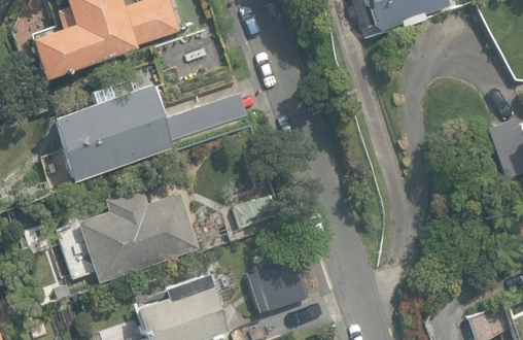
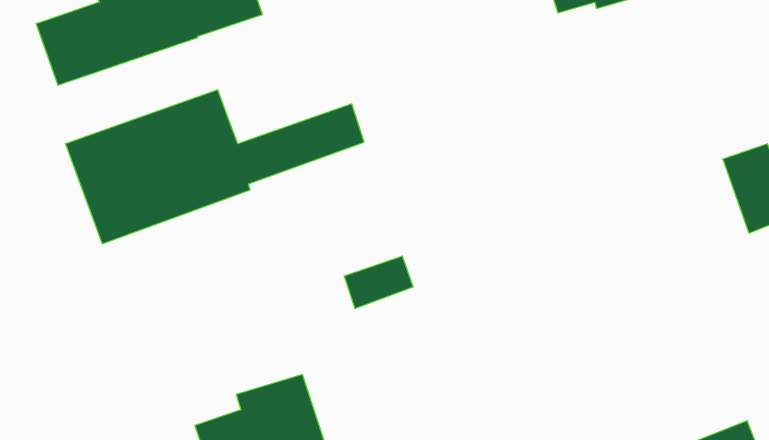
building: [78,188,199,283] -> none
building: [255,259,308,311] -> none

